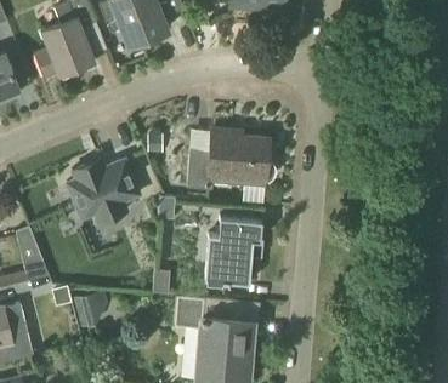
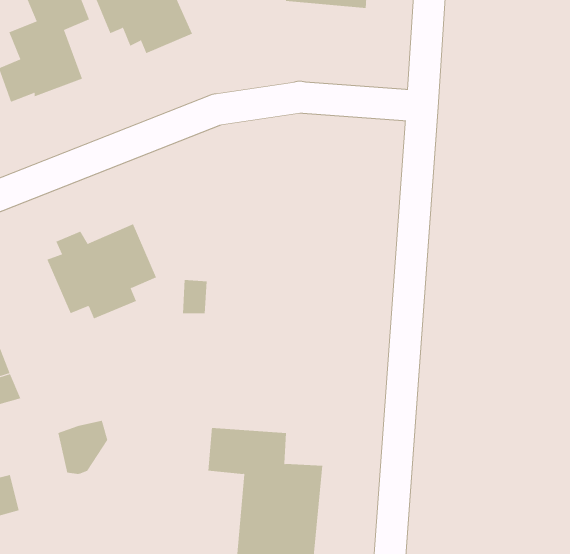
building: [188,131,277,190] -> none
building: [205,217,262,285] -> none

